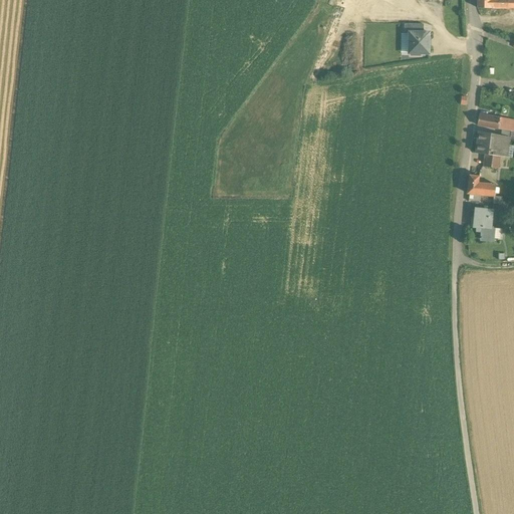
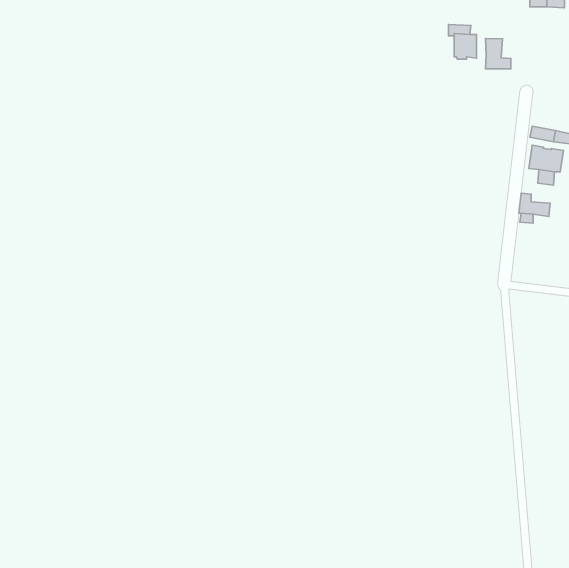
building: none -> [485,39,511,69]
building: [472,207,495,238] -> none

